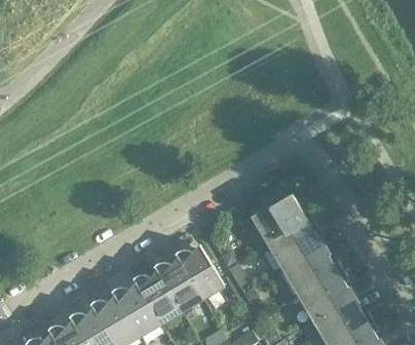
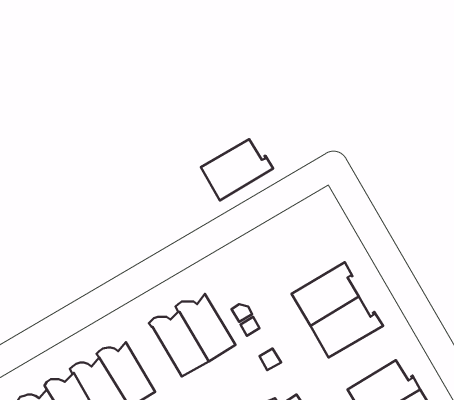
building: [253,195,311,244] -> [201,139,273,200]
building: [298,270,352,321] -> none
building: [133,271,180,323] -> none

